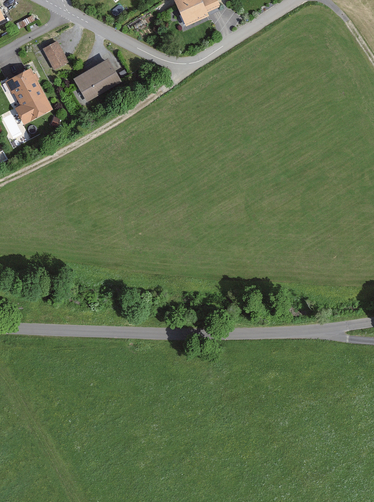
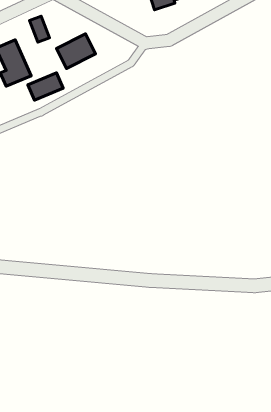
building: none -> [28,73,63,100]

